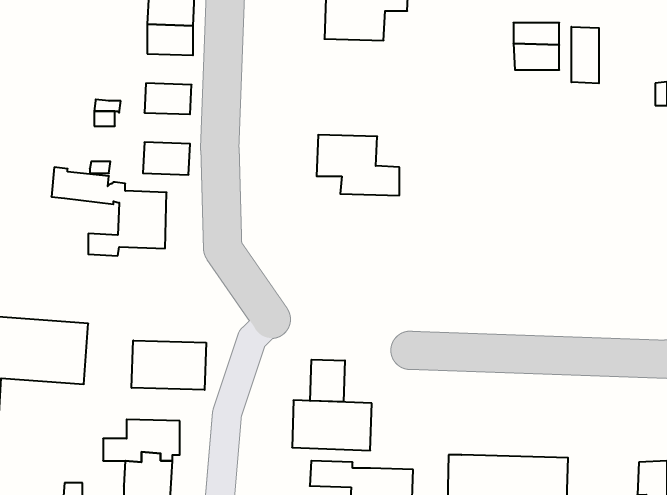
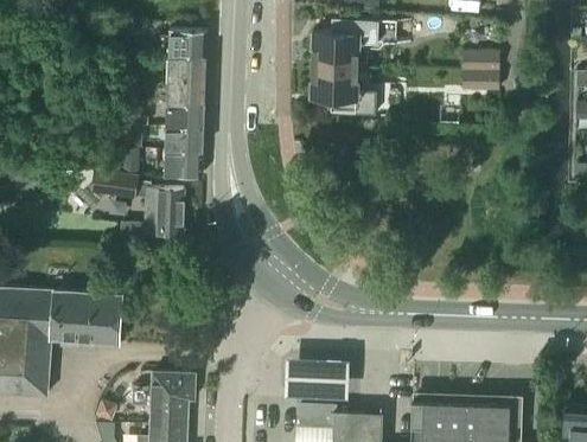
building: [571,27,599,83] -> none
building: none -> [167,79,205,104]
building: none -> [166,127,203,152]
building: [317,135,399,195] -> [310,68,376,116]
building: [132,340,206,390] -> none
building: [310,360,345,402] -> none

